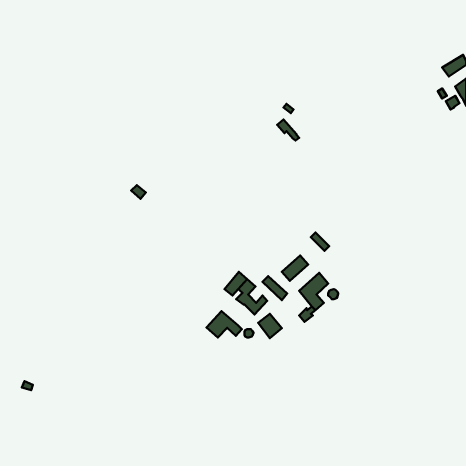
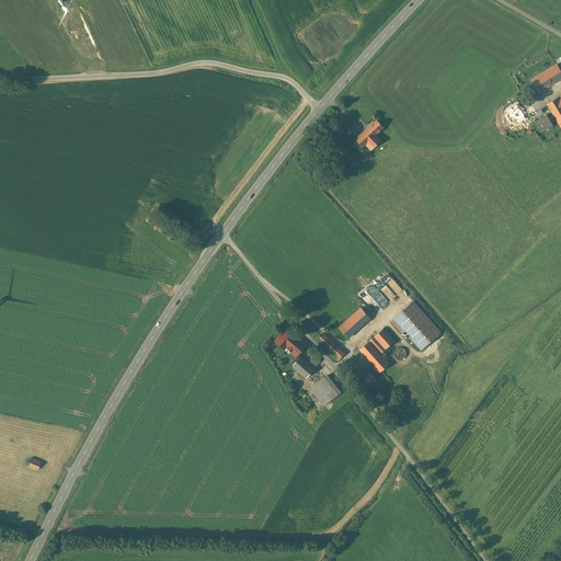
building: none -> [355,119,383,150]
building: none -> [391,301,440,350]
building: [206,311,242,337] -> none

